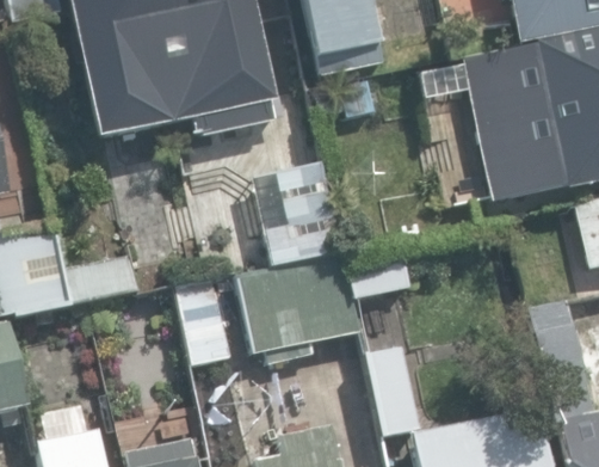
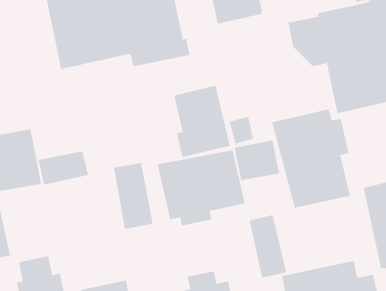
building: none -> [272,109,350,209]

